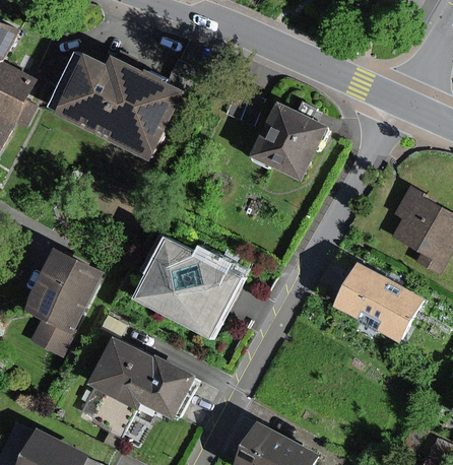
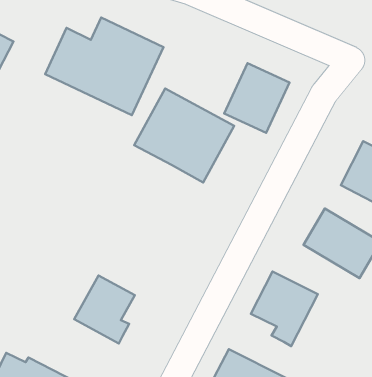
building: [137,237,246,339] -> [134,88,234,183]
building: [25,246,103,353] -> none
building: none -> [251,272,318,346]
building: [140,355,194,419] -> none

